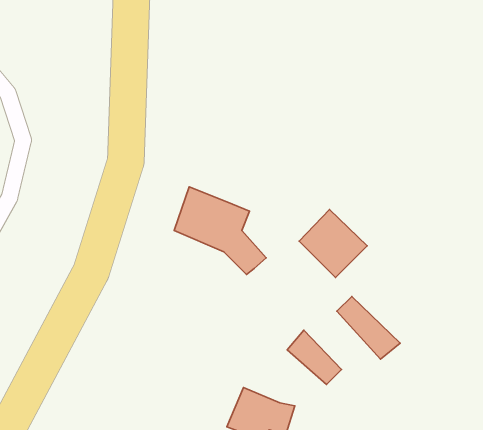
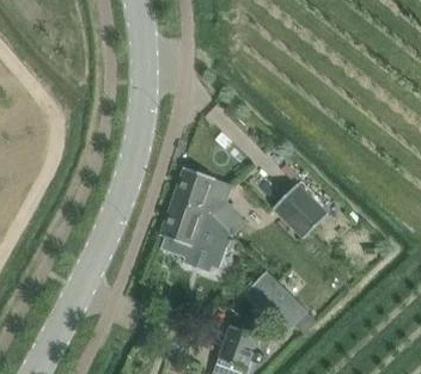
building: none -> [160,202,230,271]
building: [337,296,400,359] -> none

